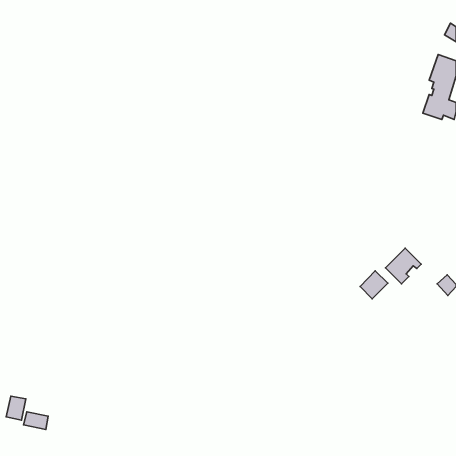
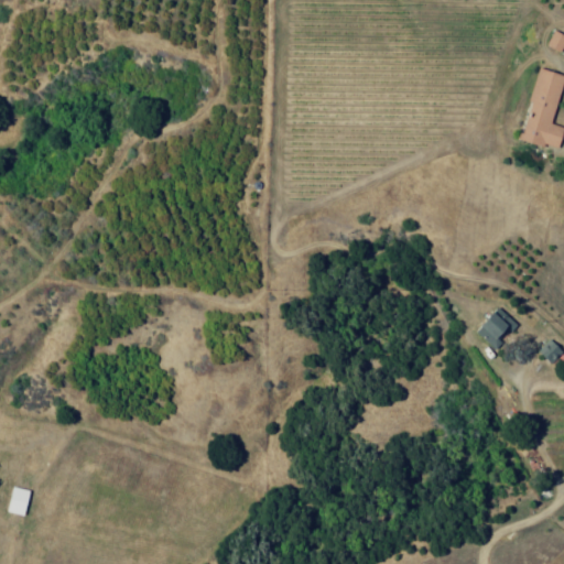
building: [360,271,388,299] -> none
building: [24,412,48,429] -> none

